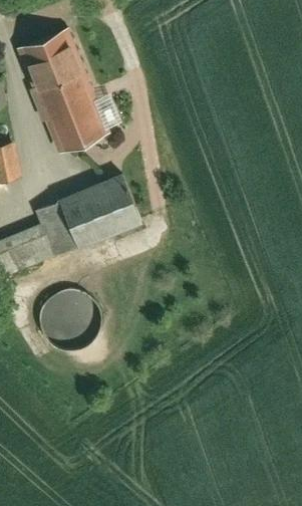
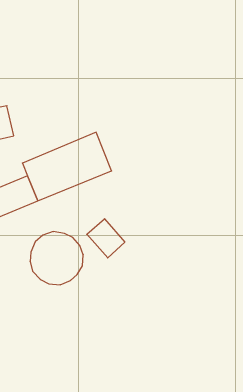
building: [20,31,105,148] -> none
building: none -> [87,219,125,258]

